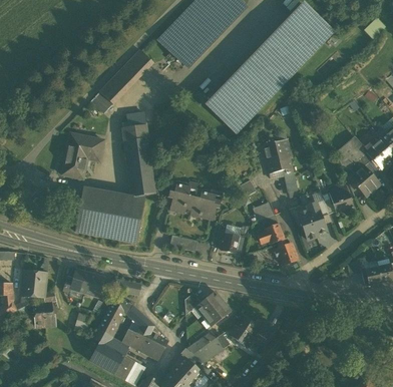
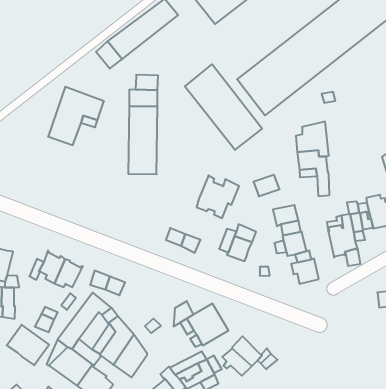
building: none -> [185,64,262,150]
building: [169,179,198,213] -> none
building: [75,191,154,243] -> none
building: none -> [7,325,49,365]

